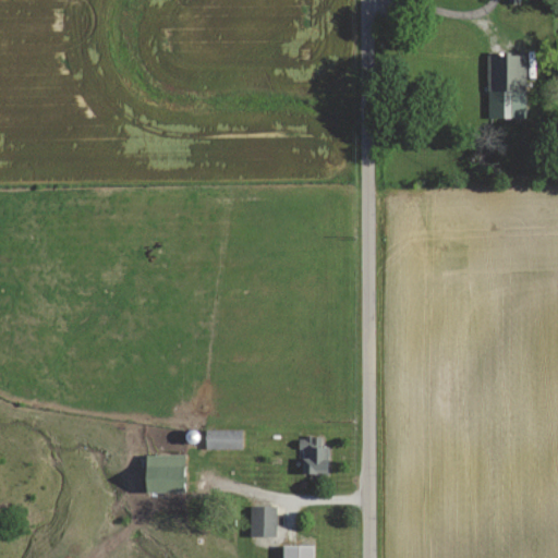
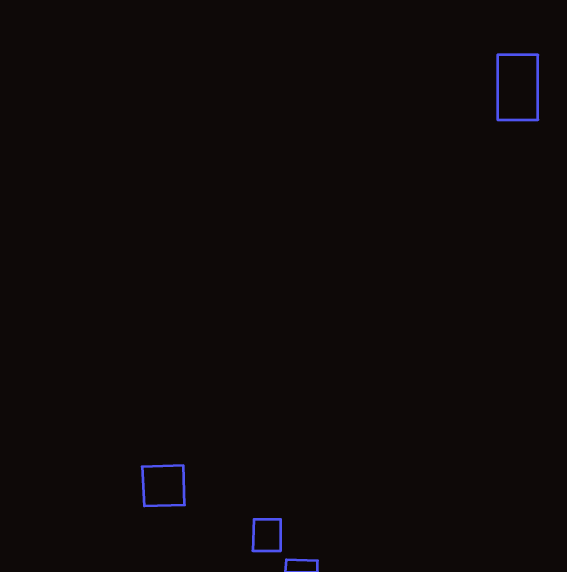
building: [206,429,244,449] -> none
building: [302,437,331,473] -> none

